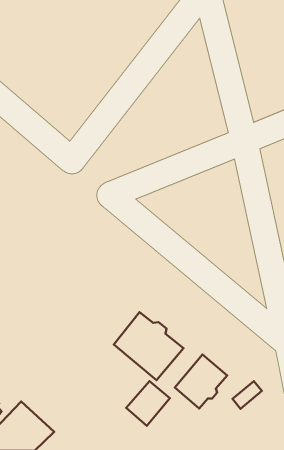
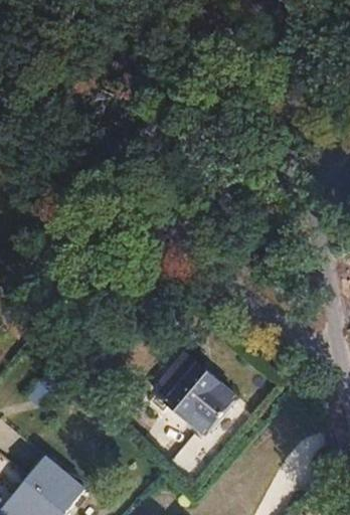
building: [175,355,227,408] -> none

